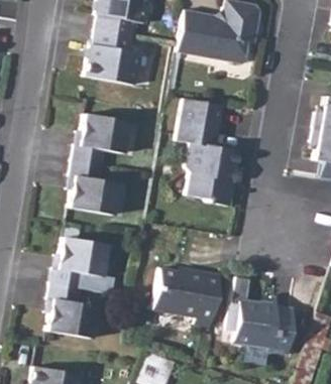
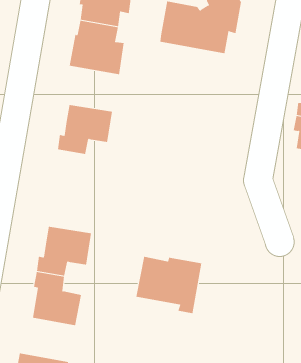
building: [177,99,240,208] -> none
building: [69,160,119,216] -> none
building: [227,301,292,357] -> none

